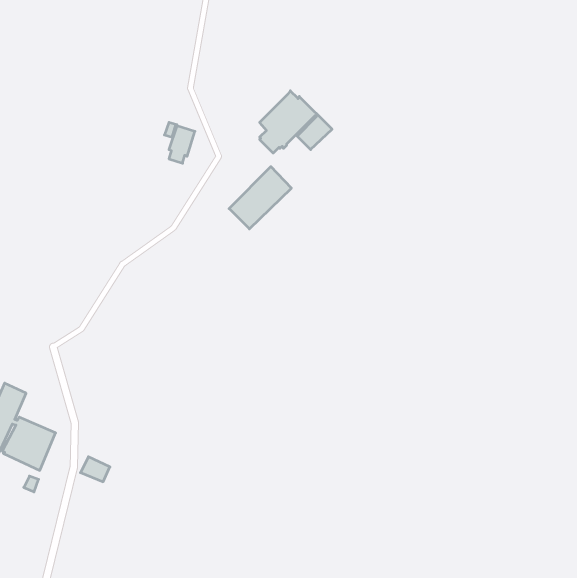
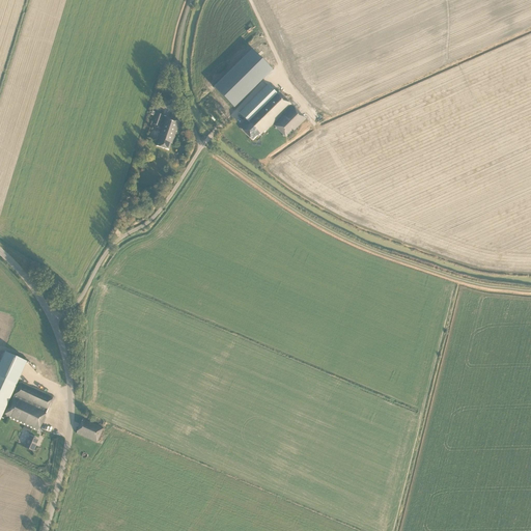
building: [229,167,291,229] -> [213,49,270,106]

